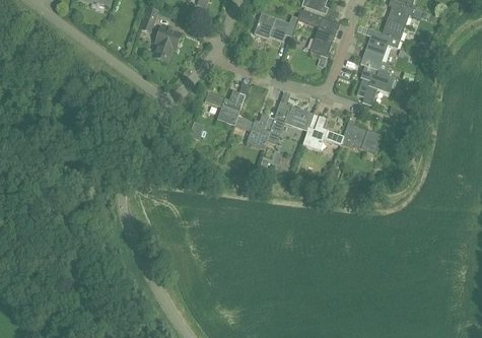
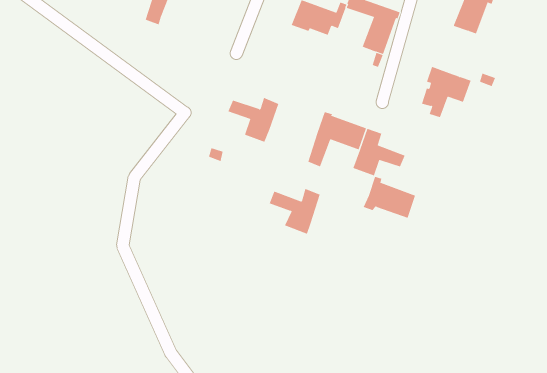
building: [154,26,182,61] -> none
building: [360,28,400,73] -> none
building: [233,113,274,149] -> [269,188,320,235]
building: [340,120,382,153] -> [363,176,416,219]

